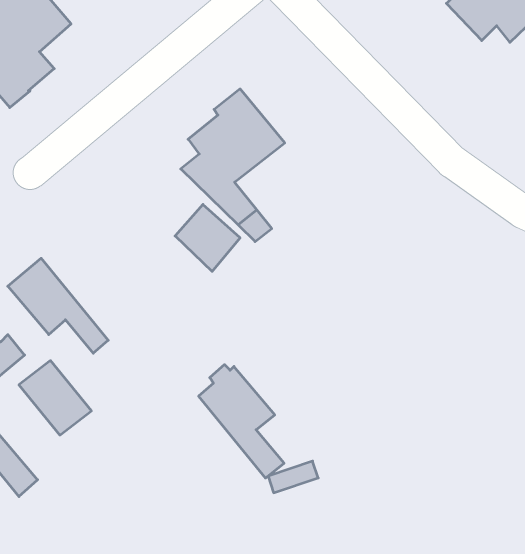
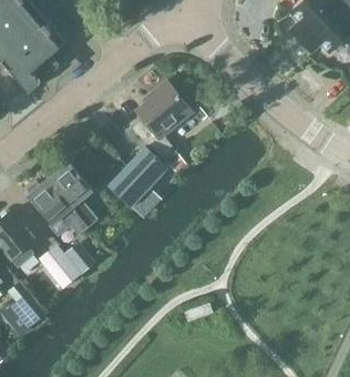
building: none -> [109,169,150,210]
building: [199,365,284,478] -> [48,163,99,231]

